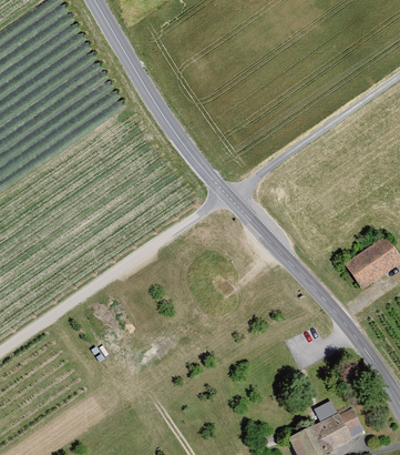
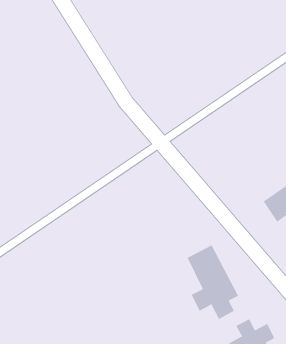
building: none -> [187,244,239,320]

